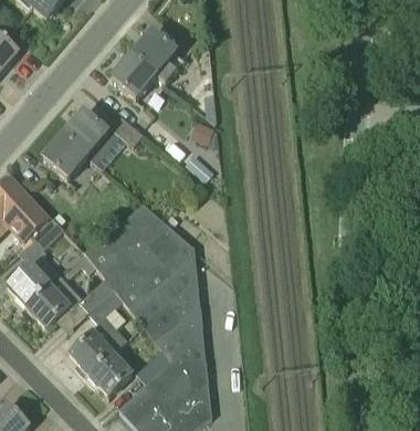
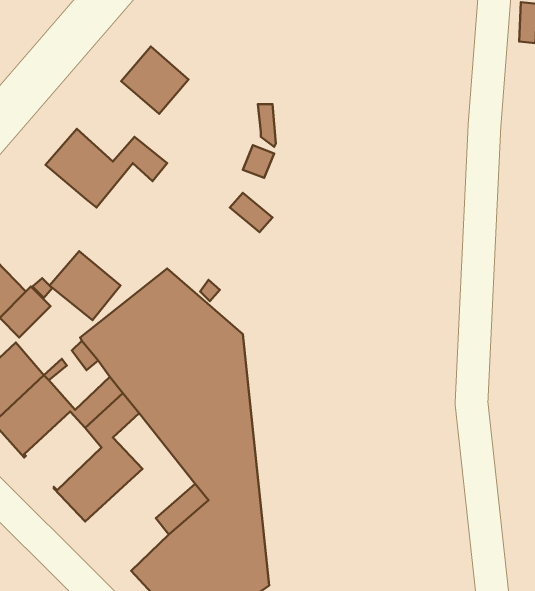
building: [132,31,177,76] -> none
building: [41,134,88,180] -> [50,251,120,320]
building: [87,350,133,398] -> none

